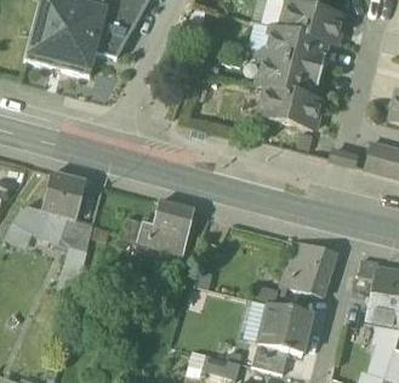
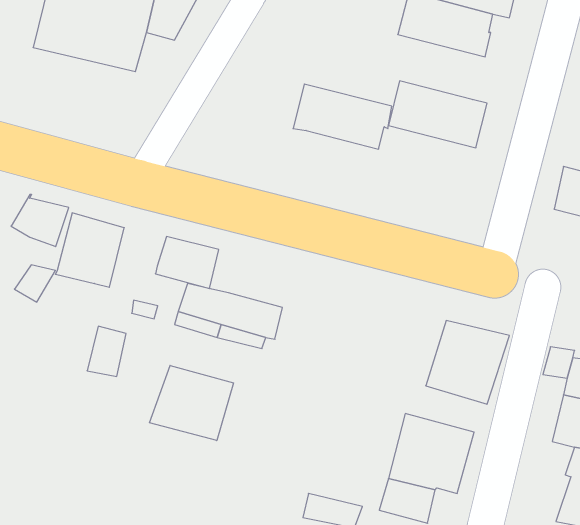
building: [256,55,320,97] -> [293,84,392,149]
building: [153,199,194,233] -> [155,237,219,289]
building: [28,208,65,242] -> [11,195,69,247]
building: none -> [149,365,233,441]

